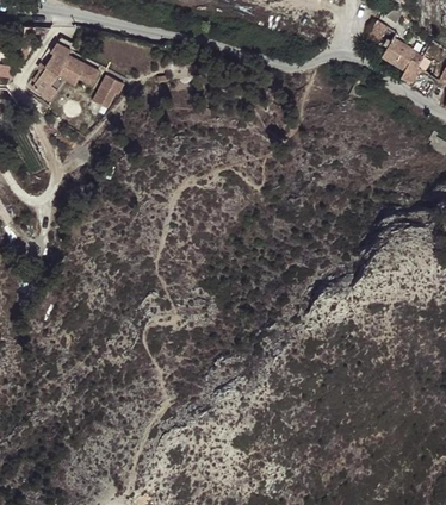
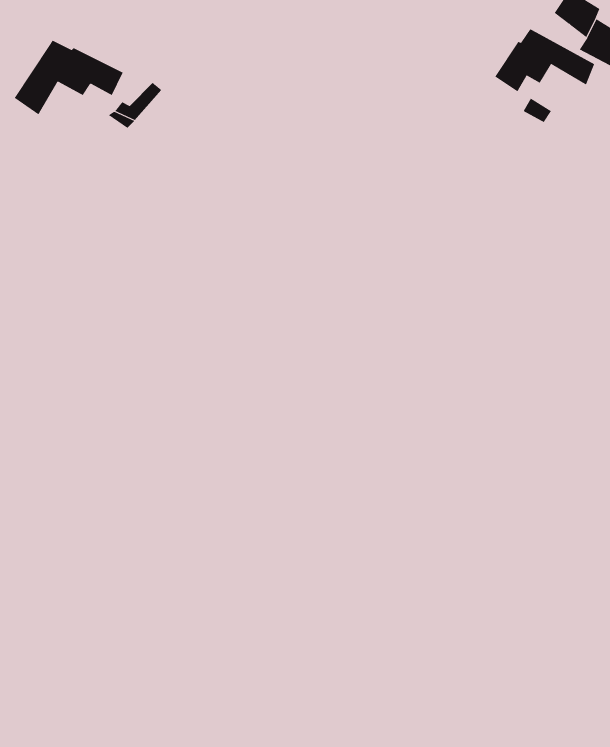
building: none -> [494,28,595,92]

